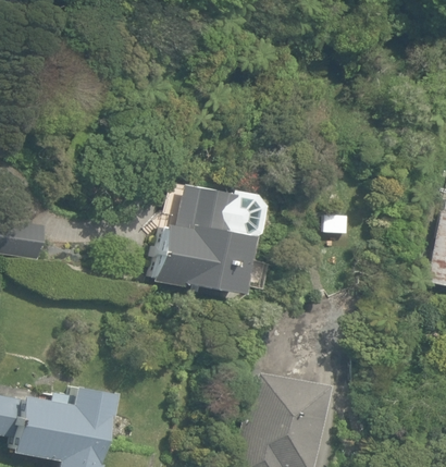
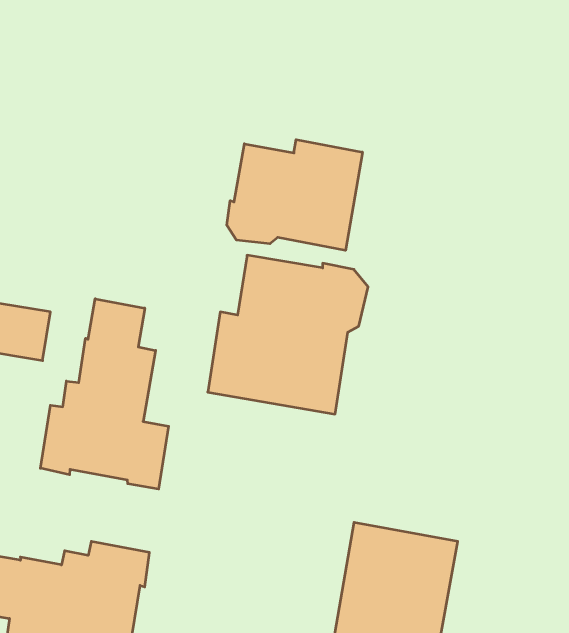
building: none -> [227,140,362,250]
building: none -> [40,299,169,489]

